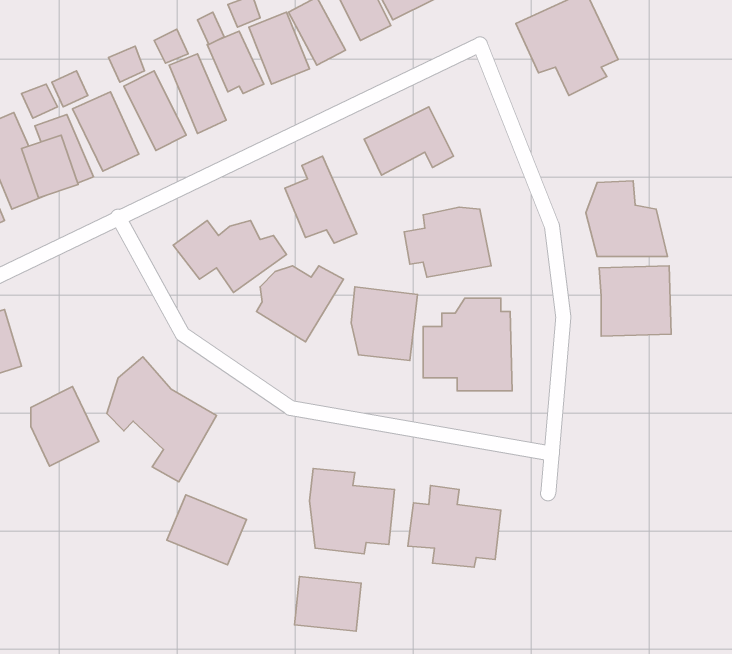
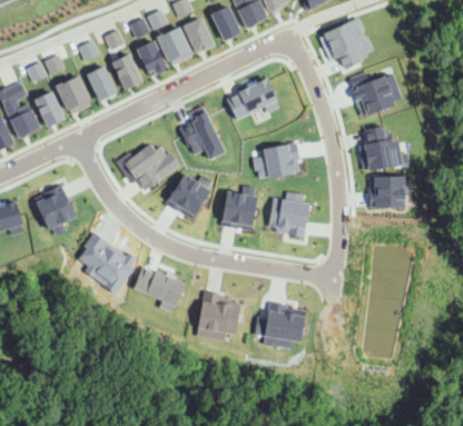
building: none -> [352,69,400,115]
building: [31,387,99,466] -> [36,184,76,230]
building: [167,495,246,565] -> [137,270,184,311]
building: [294,577,361,631] -> none

